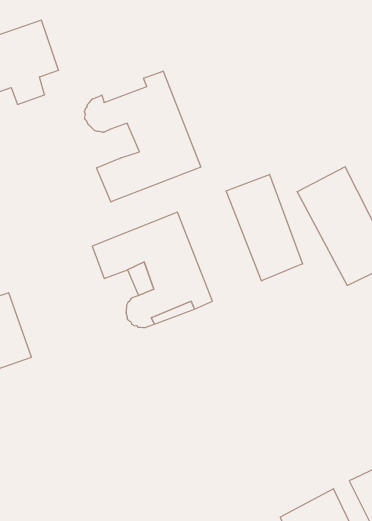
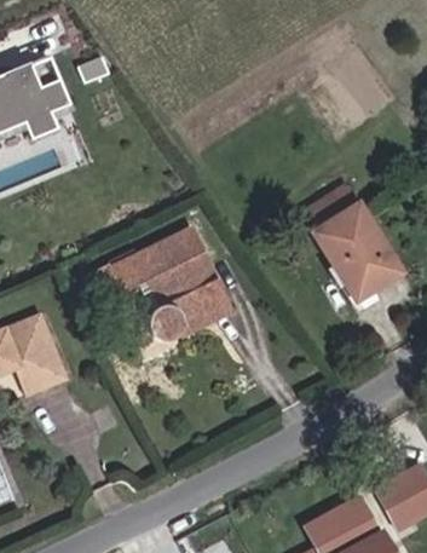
building: [85,71,201,202] -> none
building: [226,174,303,281] -> none

